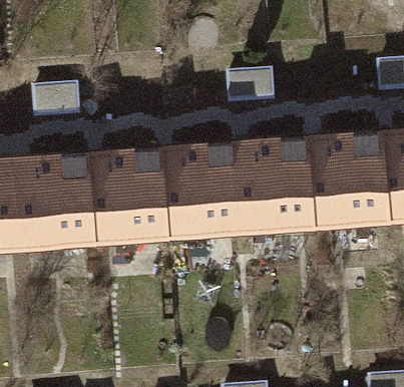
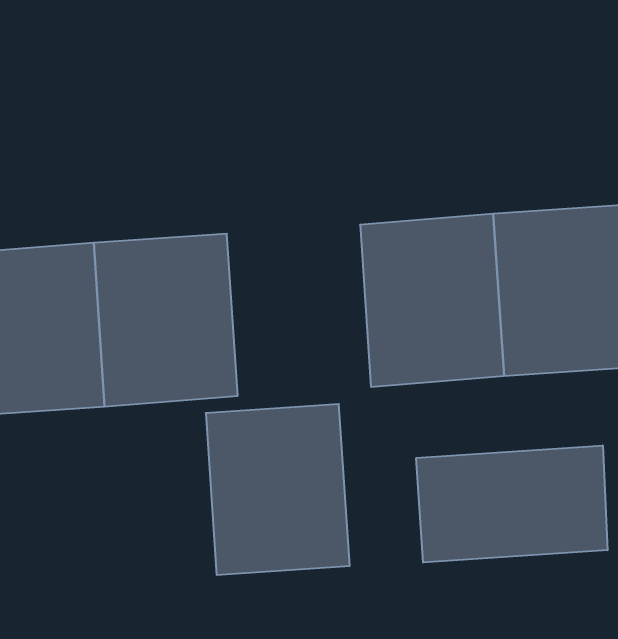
building: [156,144,237,240] -> [206,404,350,575]
building: none -> [416,445,608,563]

